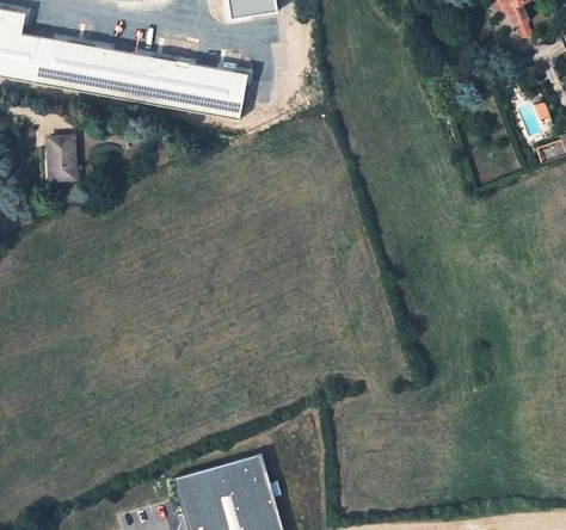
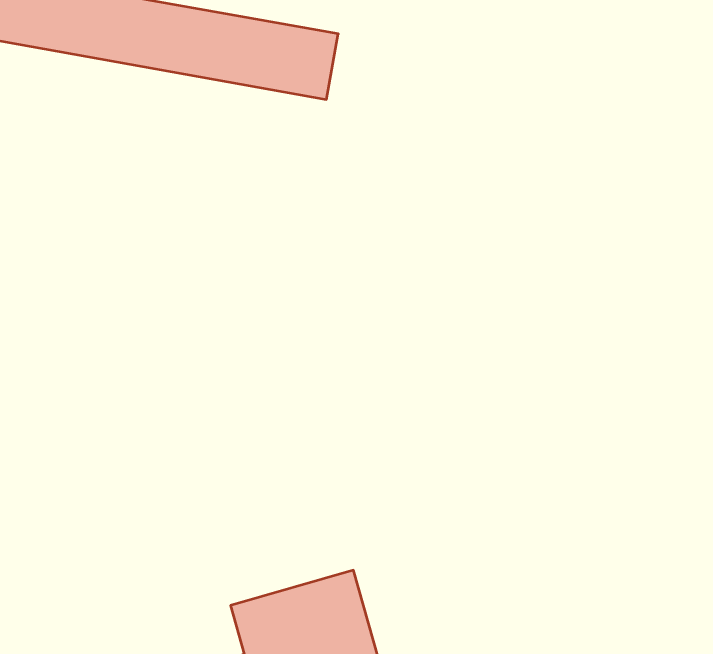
building: [48,135,76,178] -> none

